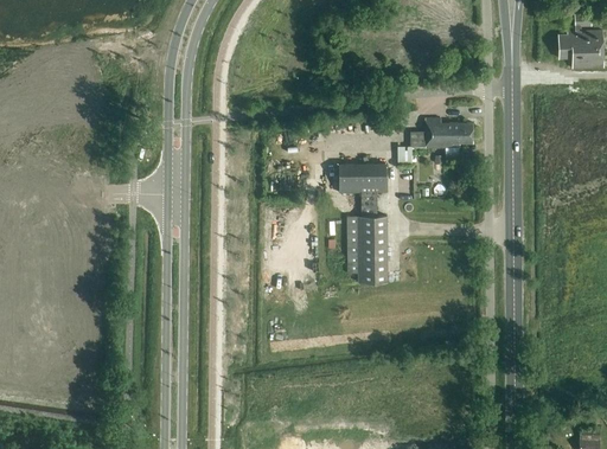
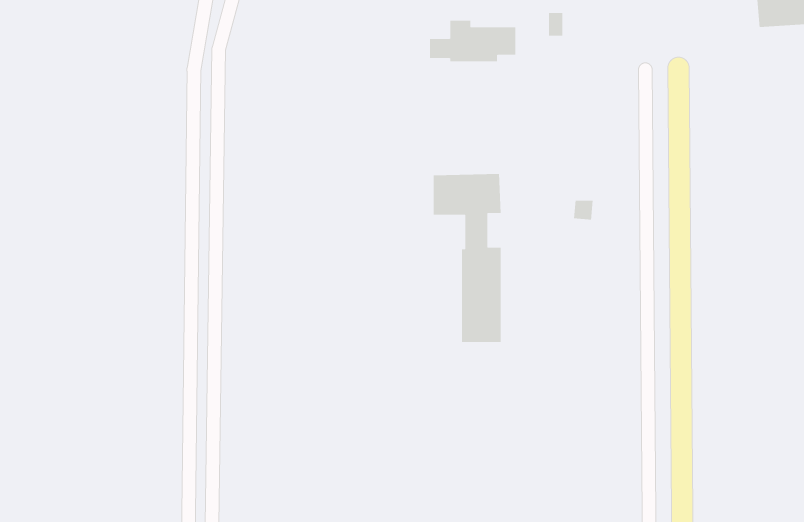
building: [408,118,469,148] -> [429,20,516,62]

